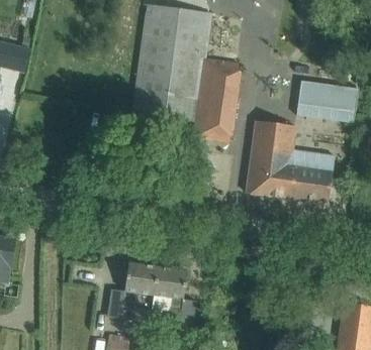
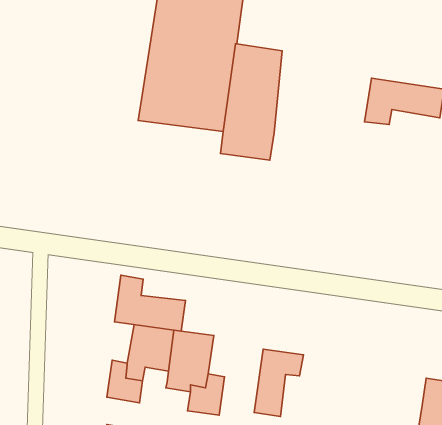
building: [246,119,334,204] -> none
building: none -> [114,275,186,331]
building: none -> [254,349,303,416]

